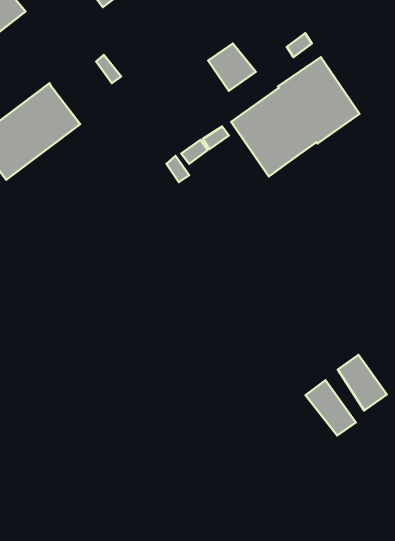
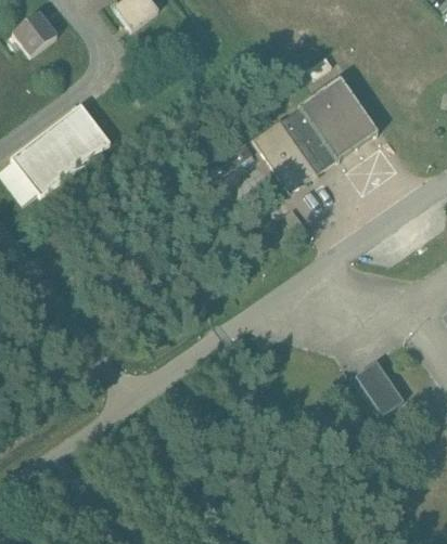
building: [208,44,256,91] -> none
building: [305,380,356,436] -> none

